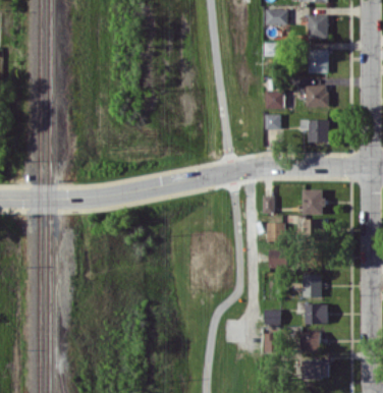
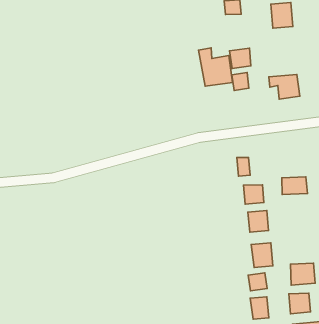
building: [306,86,328,107] -> none
building: none -> [198,48,232,86]
building: [303,189,324,215] -> none
building: [303,275,322,297] -> [251,243,273,267]

